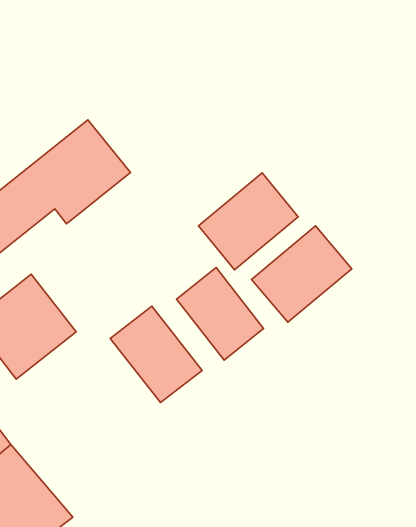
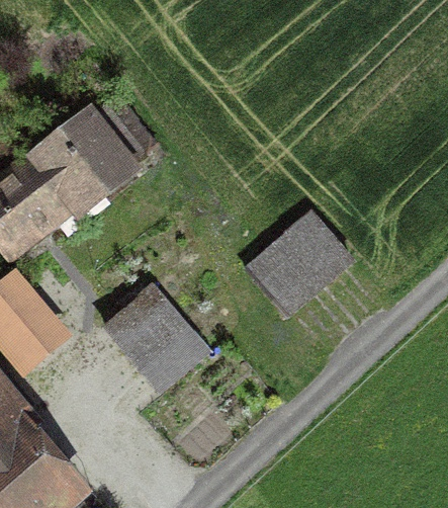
building: [199,173,298,270] -> none
building: [176,268,264,360] -> none

